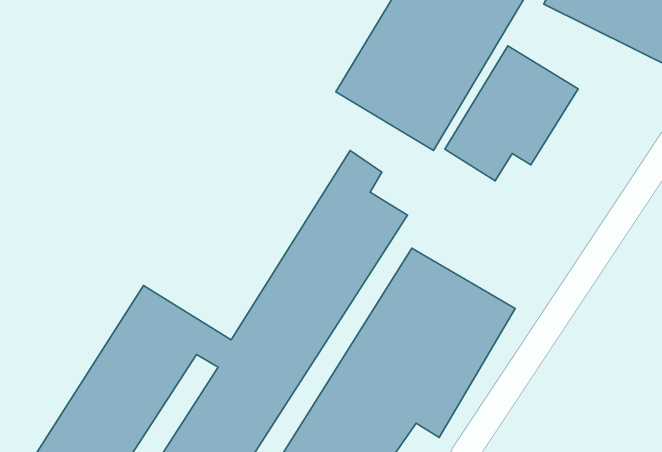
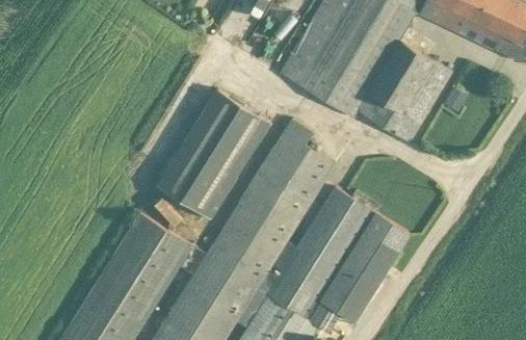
building: none -> [162,93,263,210]

